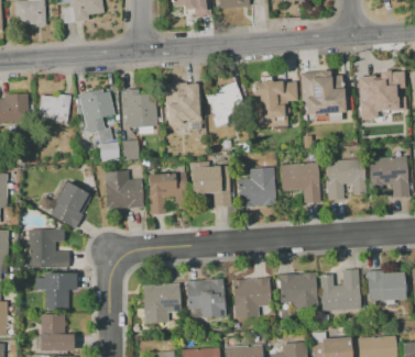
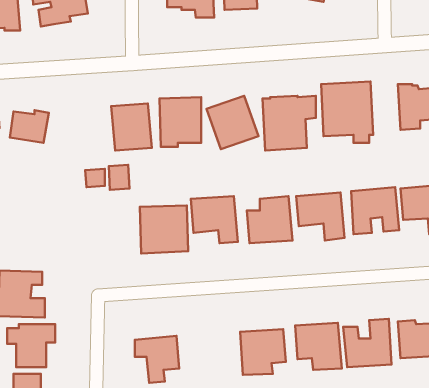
building: [80,89,113,143] -> none
building: [106,170,143,209] -> none
building: [51,181,91,228] -> none
building: [186,279,226,316] -> none

